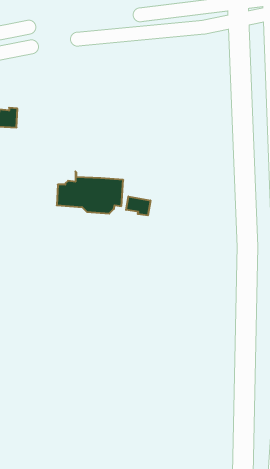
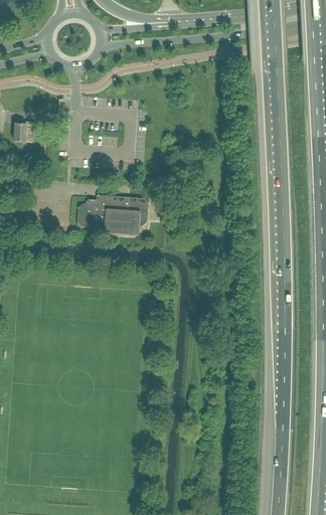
building: [126,196,150,215] -> none

